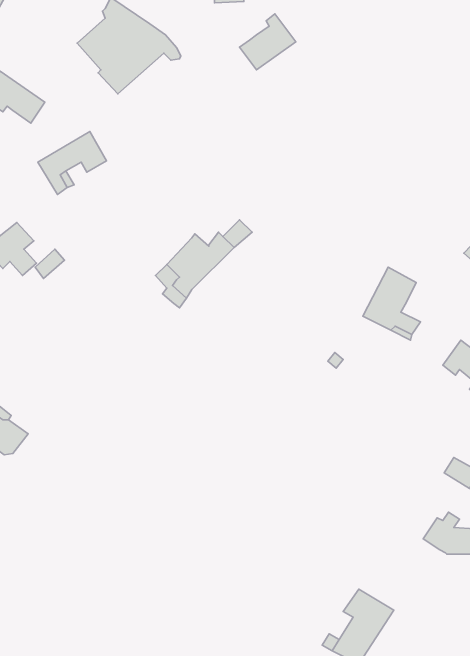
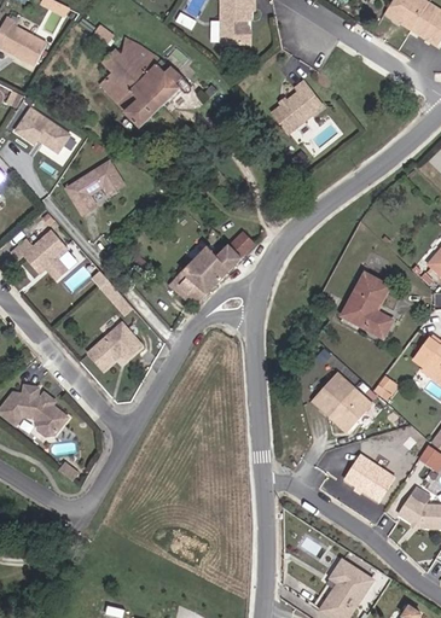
building: [240,14,296,70] -> [272,83,320,132]
building: none -> [86,325,139,372]
building: none -> [312,371,372,431]
building: none -> [344,451,395,499]

